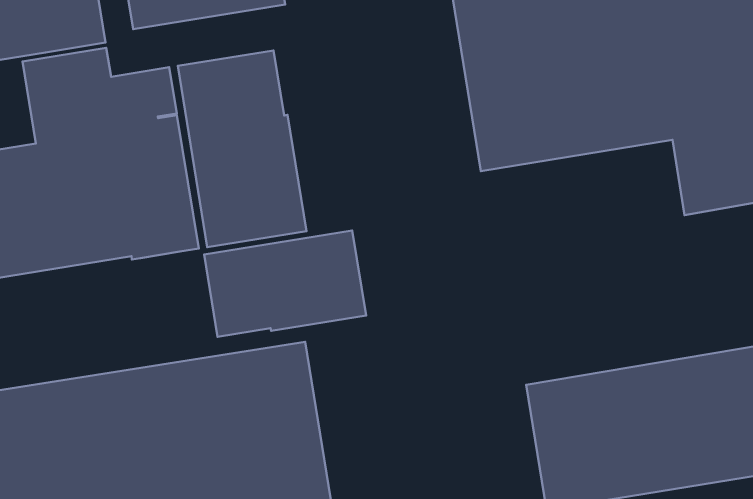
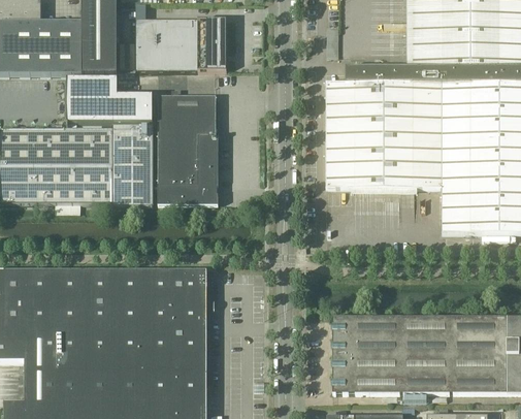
building: [204,230,366,337] -> none

